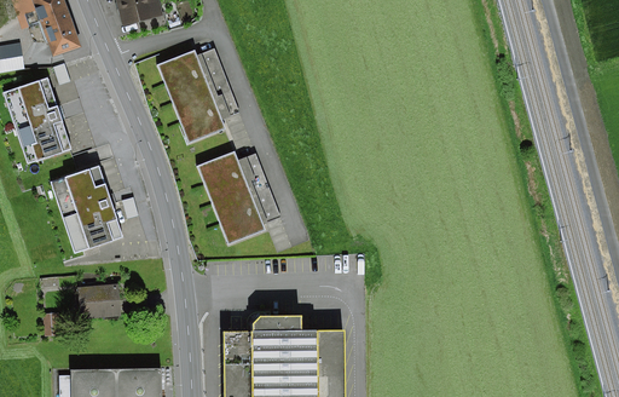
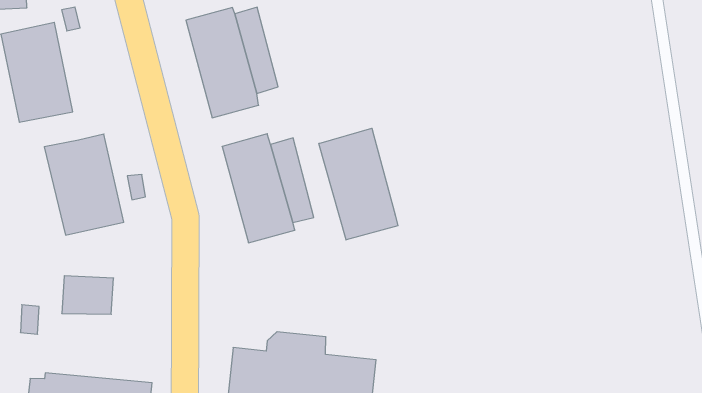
building: none -> [319,128,398,240]

